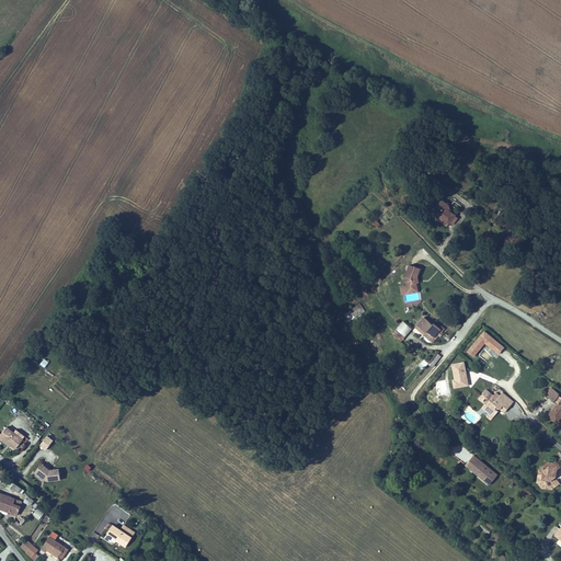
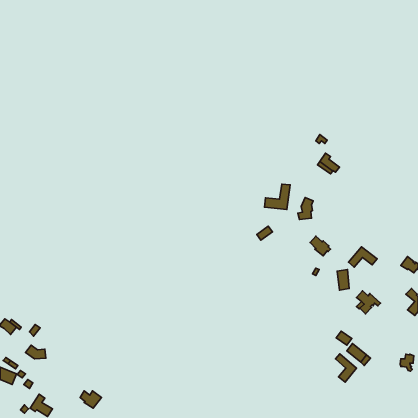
building: none -> [264,184,290,210]
building: none -> [336,354,356,382]

